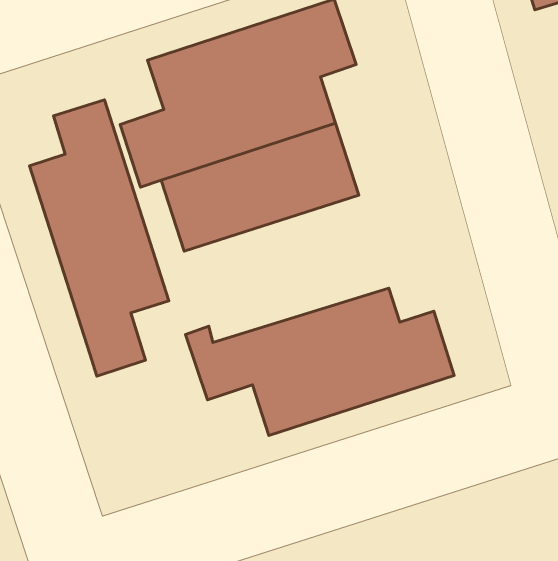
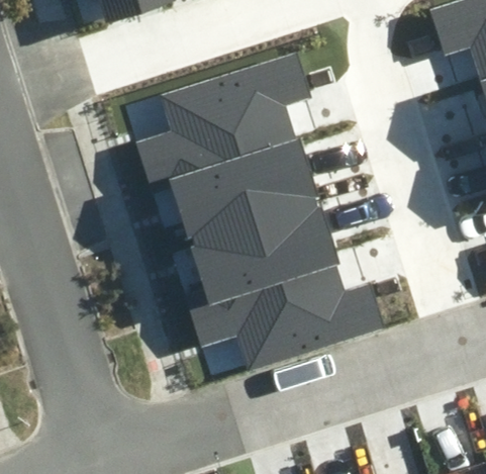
building: [29,100,169,376] -> none
building: none -> [185,194,336,303]

